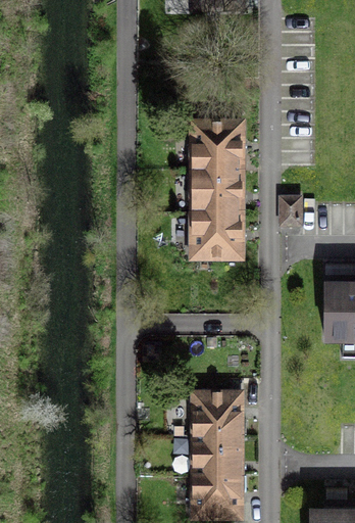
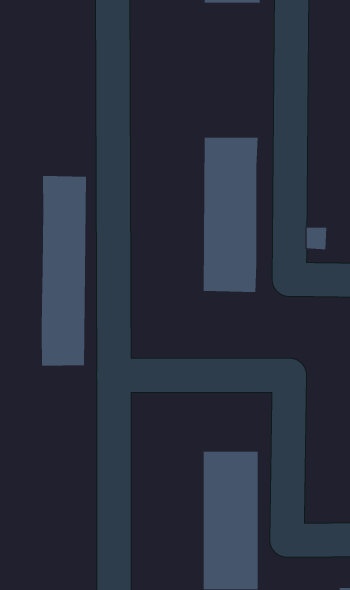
building: none -> [41,175,87,366]

